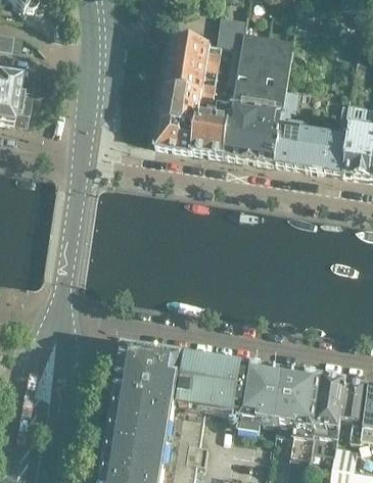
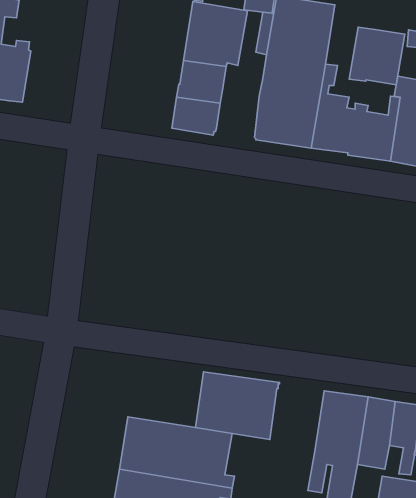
building: none -> [349,27,405,85]
building: [191,96,234,153] -> none
building: [118,344,183,401] -> none
building: [238,363,287,429] -> none

